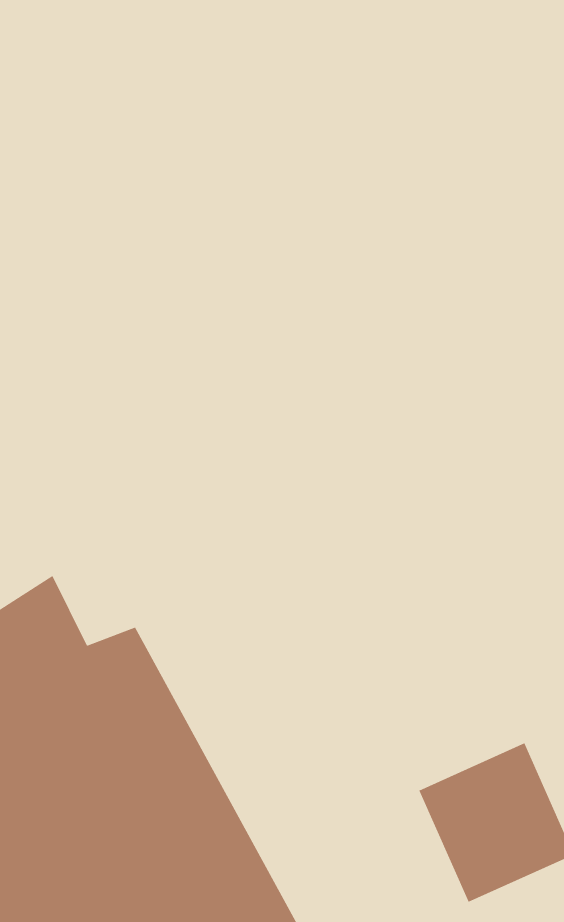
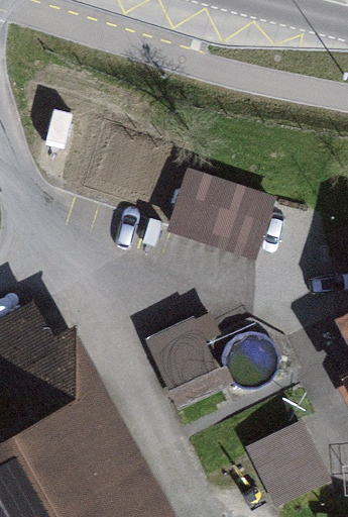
building: none -> [161,161,276,261]
building: none -> [147,316,222,404]

